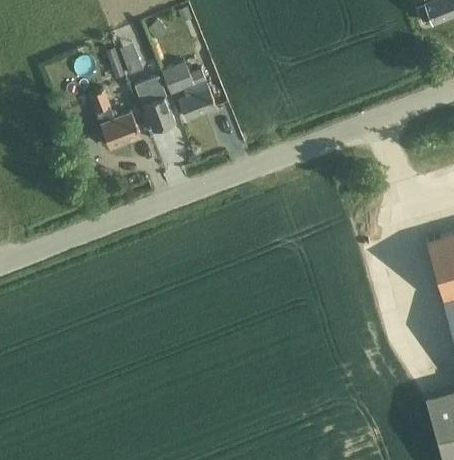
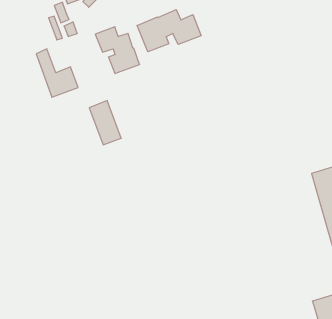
building: none -> [137,10,201,52]
building: [135,77,174,131] -> [89,101,121,145]

